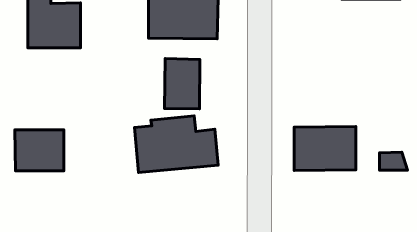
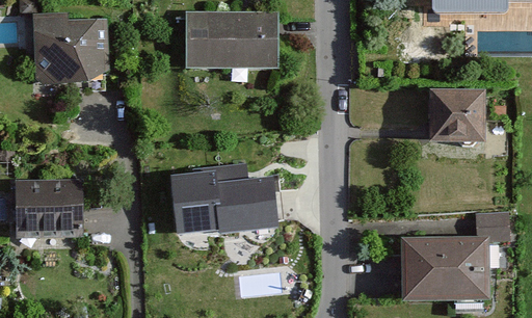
building: none -> [433,89,482,135]
building: [164,58,200,109] -> none
building: [294,126,356,171] -> [407,239,485,295]

